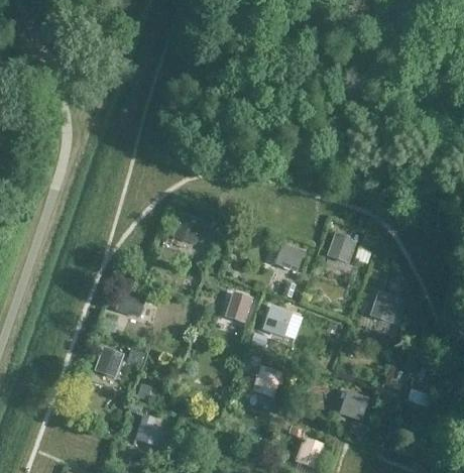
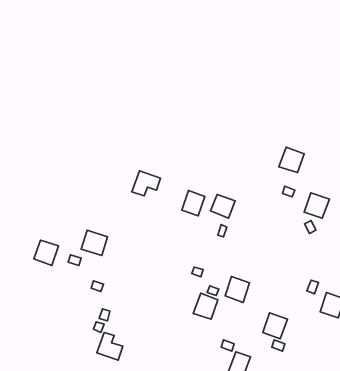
building: [325,232,356,263] -> [279,147,304,173]
building: [225,291,253,323] -> [182,191,205,216]
building: [368,291,399,323] -> [304,193,330,218]
building: [261,305,292,337] -> [225,276,250,303]
building: [93,347,123,378] -> [34,240,58,265]

